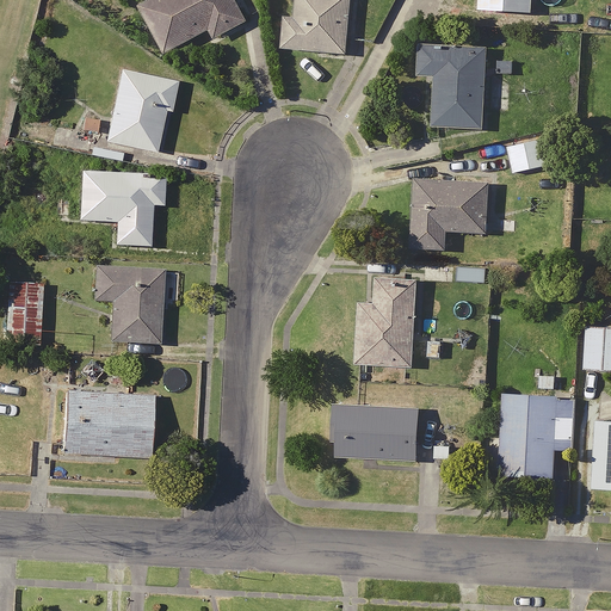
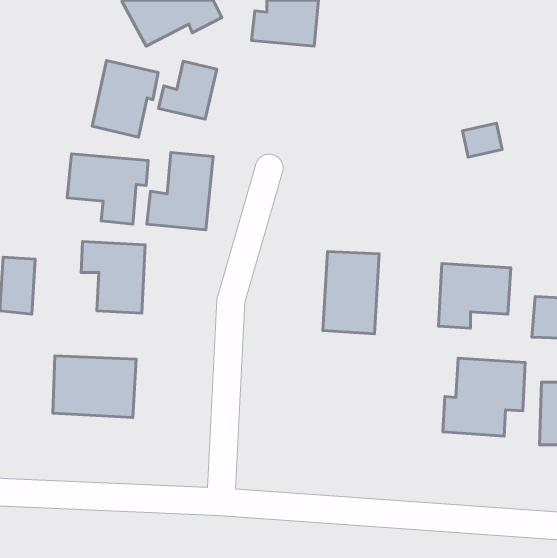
building: [416,47,487,129] -> none
building: none -> [158,61,217,119]
building: none -> [147,152,213,230]
building: [411,178,489,248] -> [438,264,511,328]
building: [333,403,419,459] -> none

